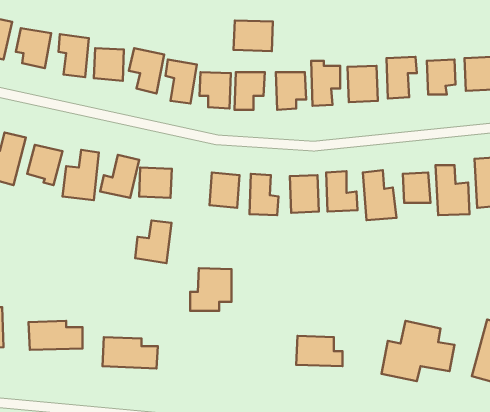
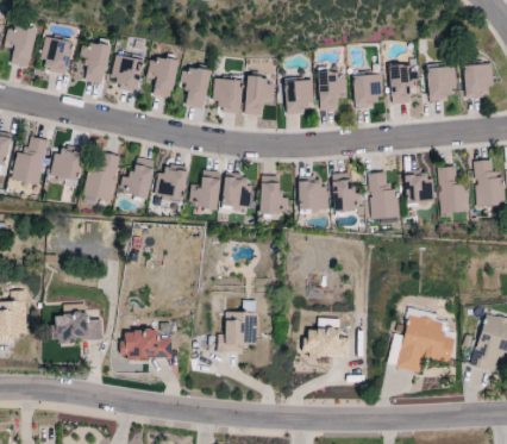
building: [234,20,273,51] -> none
building: [135,220,172,263] -> [188,169,223,210]
building: [190,268,232,311] -> [218,312,257,352]

